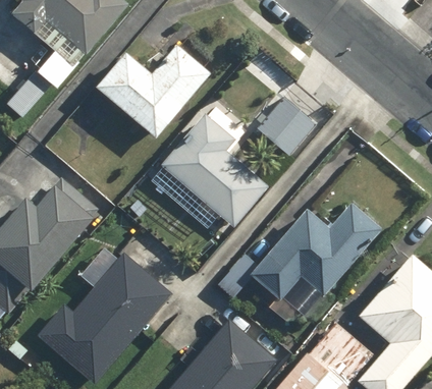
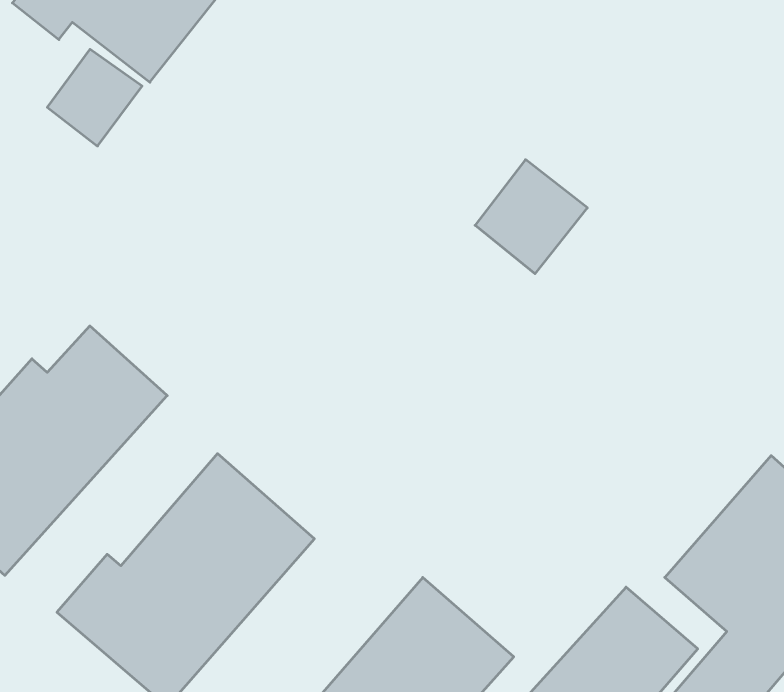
building: [94,48,209,138] -> none
building: [160,111,266,227] -> none
building: [214,207,376,303] -> none

